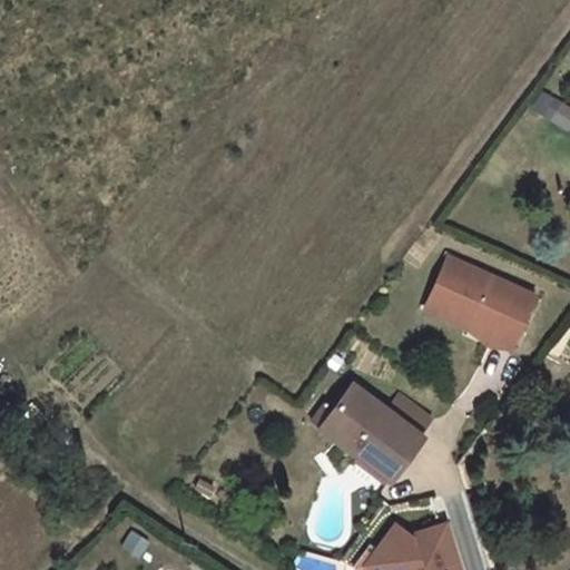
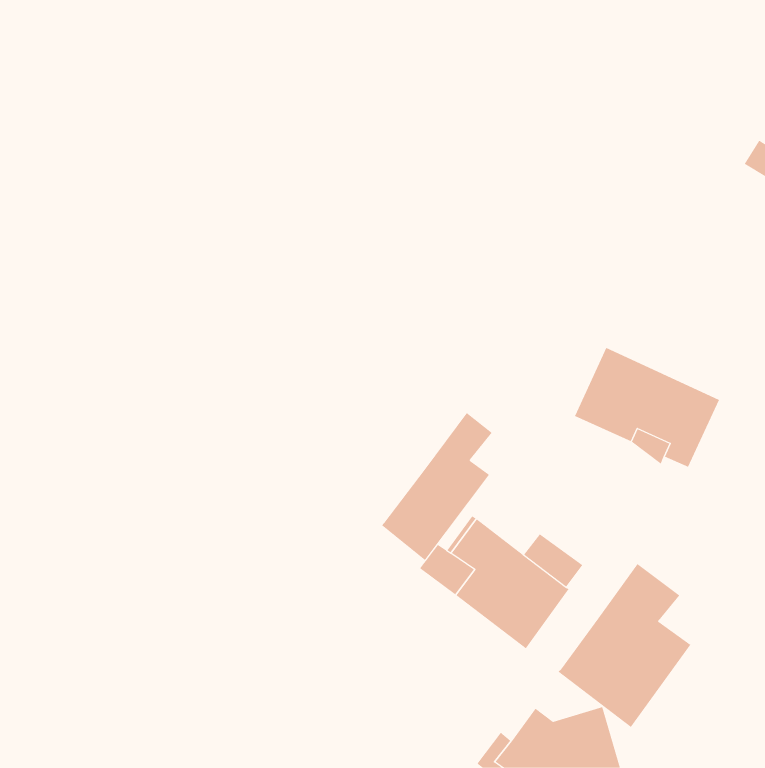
building: none -> [381,412,492,561]
building: none -> [558,563,691,728]

